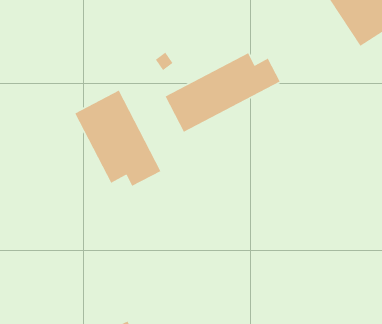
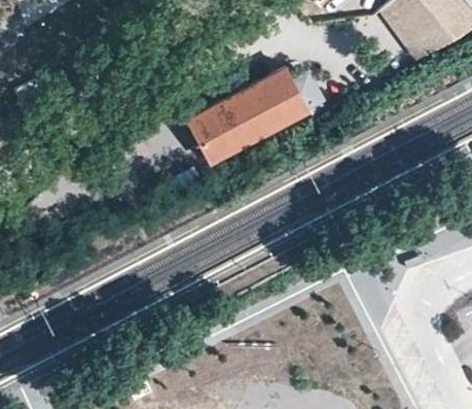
building: [74,90,162,187] -> none

